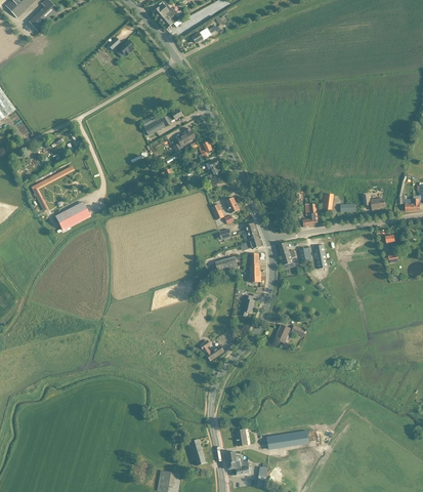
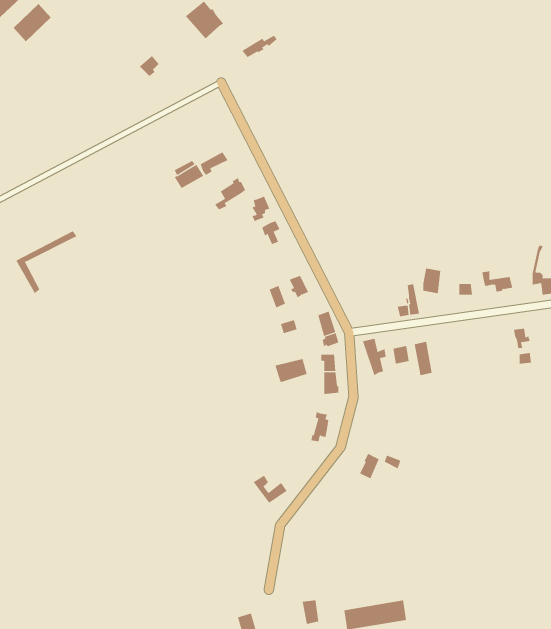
building: [55,201,90,230] -> none

